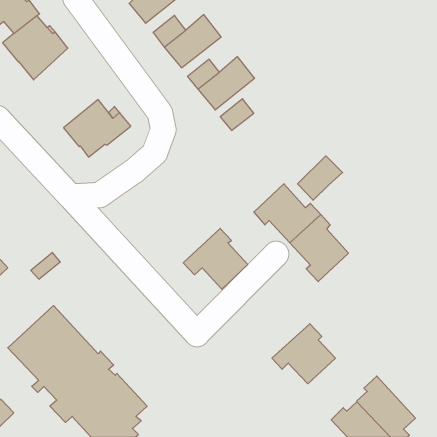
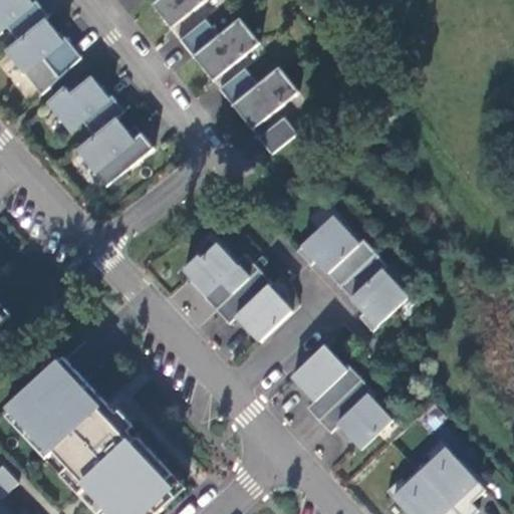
building: none -> [45,76,122,135]
building: [298,156,343,200] -> none
building: none -> [181,242,257,307]
building: none -> [291,345,361,419]

